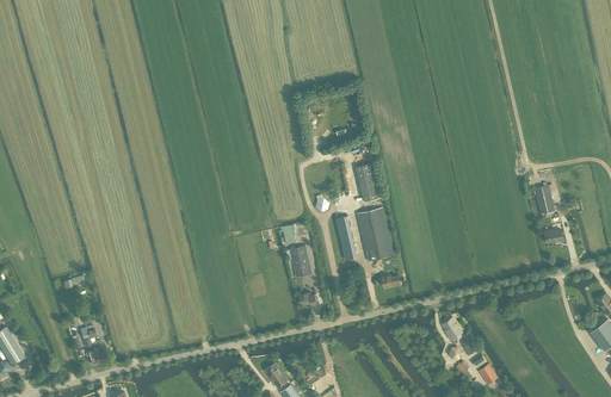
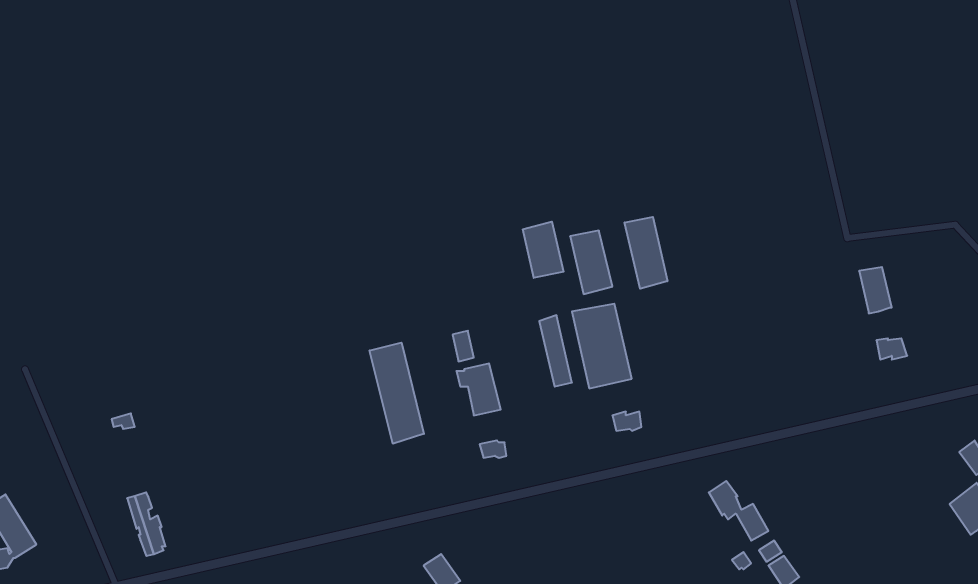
building: none -> [625,217,667,289]
building: none -> [523,222,564,278]
building: none -> [370,343,424,444]

